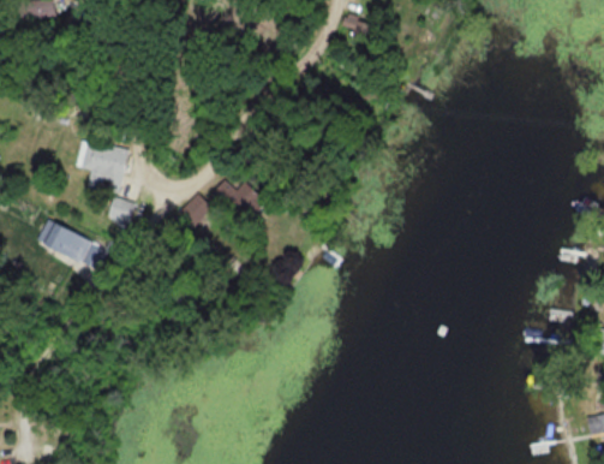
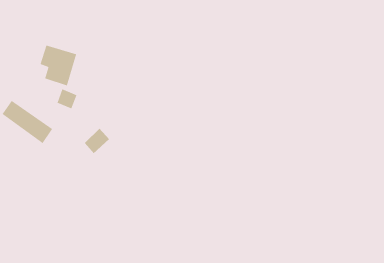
building: [216,179,268,222] -> none
building: [181,194,215,230] -> [84,128,110,154]

